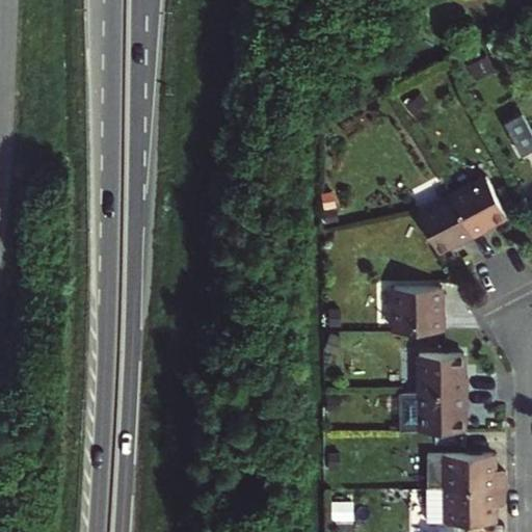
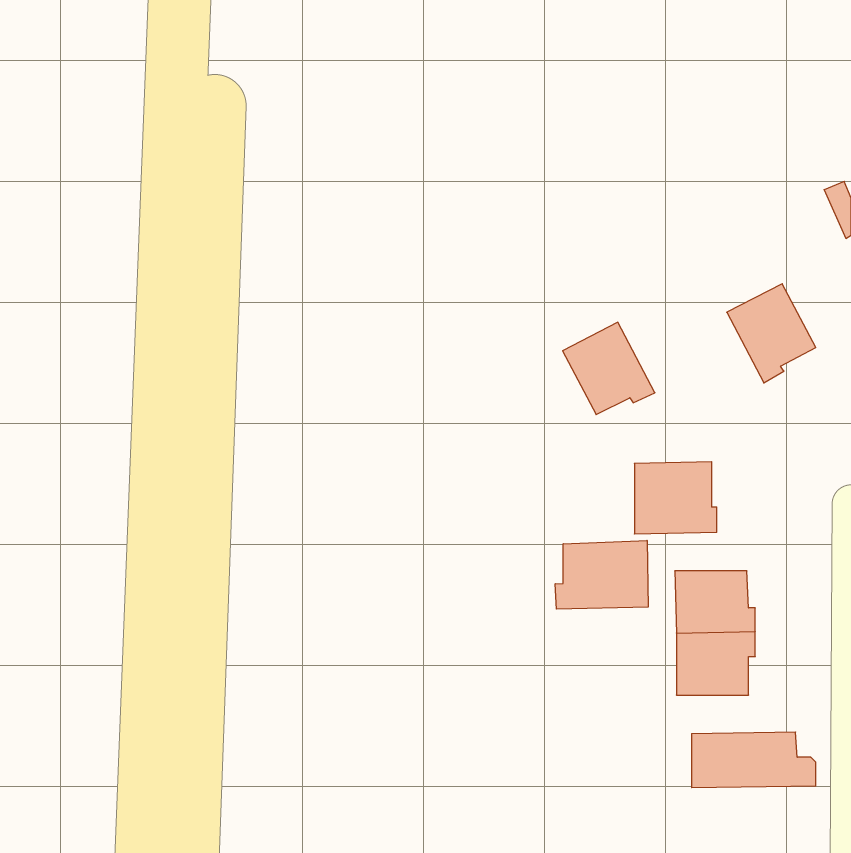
building: [416,196,473,254] -> [563,322,655,415]
building: none -> [555,540,648,609]
building: [428,489,505,525] -> none

